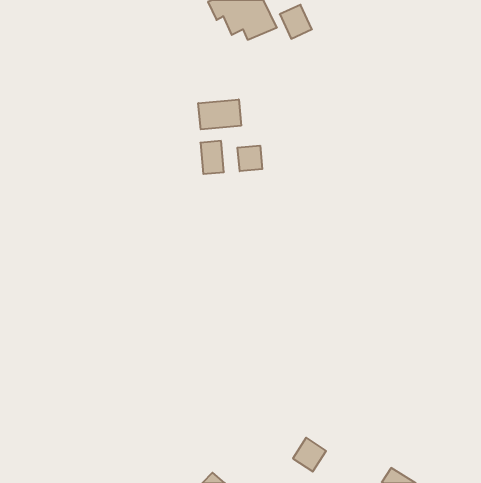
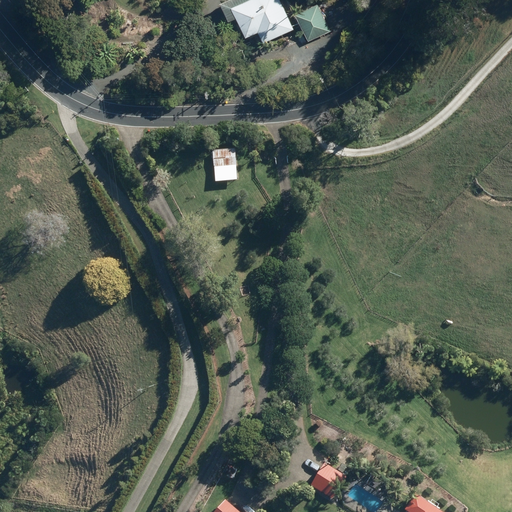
building: [198,99,241,129] -> none
building: [237,146,262,171] -> none

